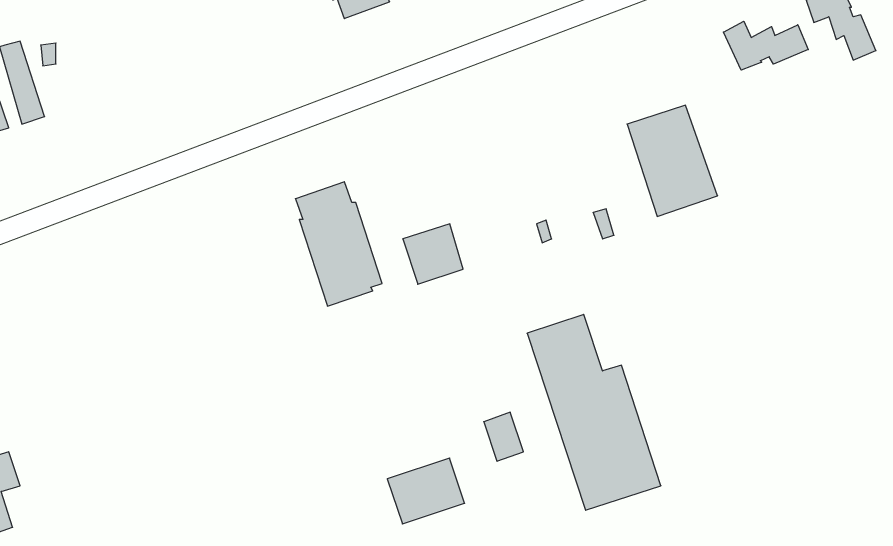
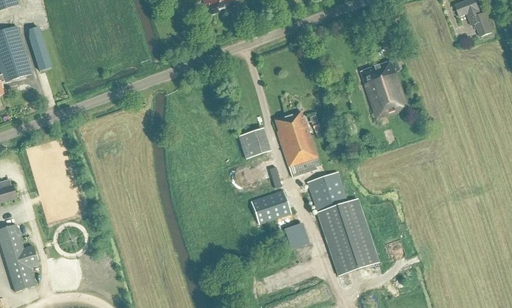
building: [723,21,808,70] -> none
building: [295,182,382,306] -> [274,110,320,176]
building: [387,458,465,524] -> [250,189,291,224]

